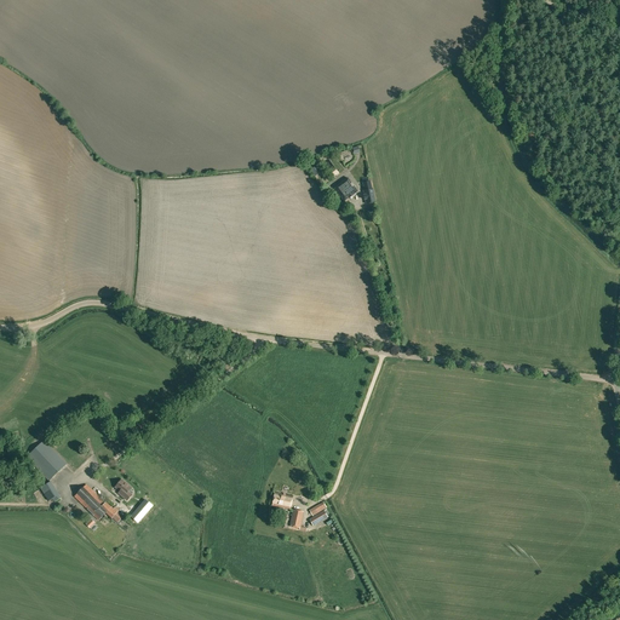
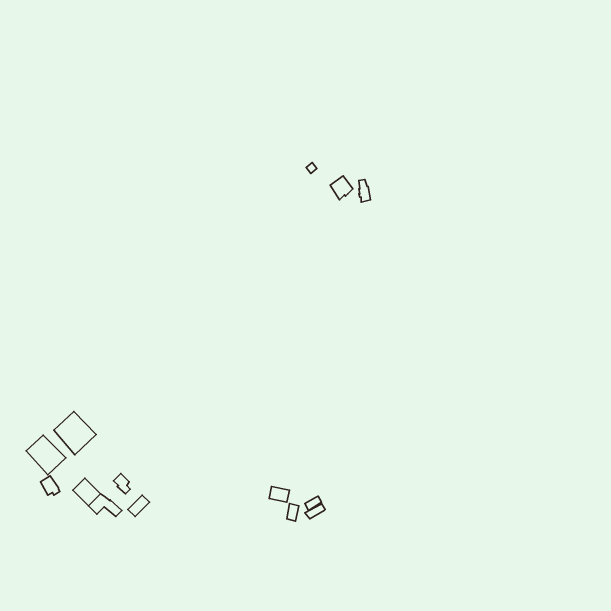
building: none -> [54,412,96,455]

